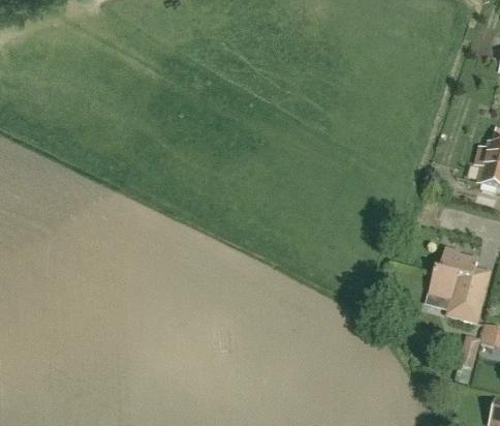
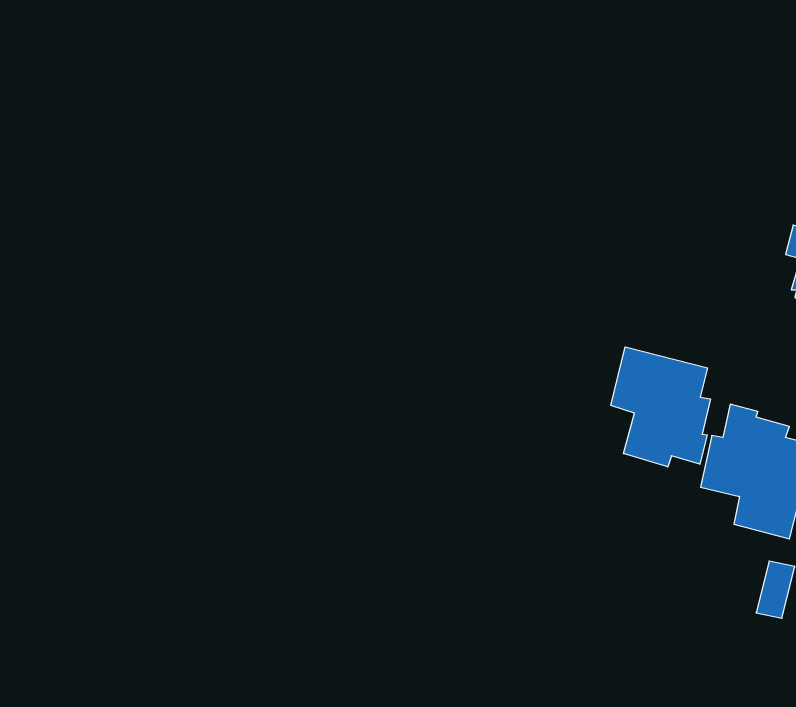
building: none -> [611,347,710,467]

